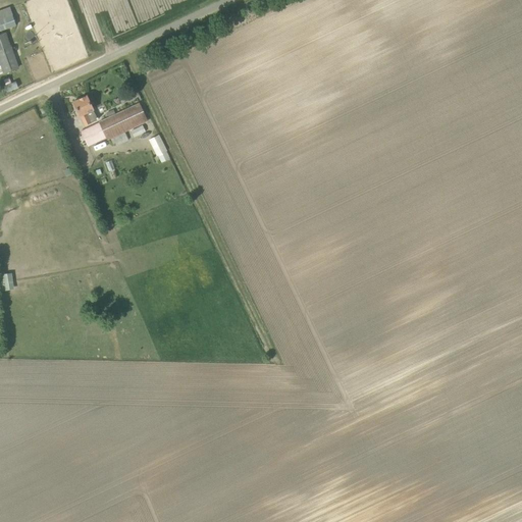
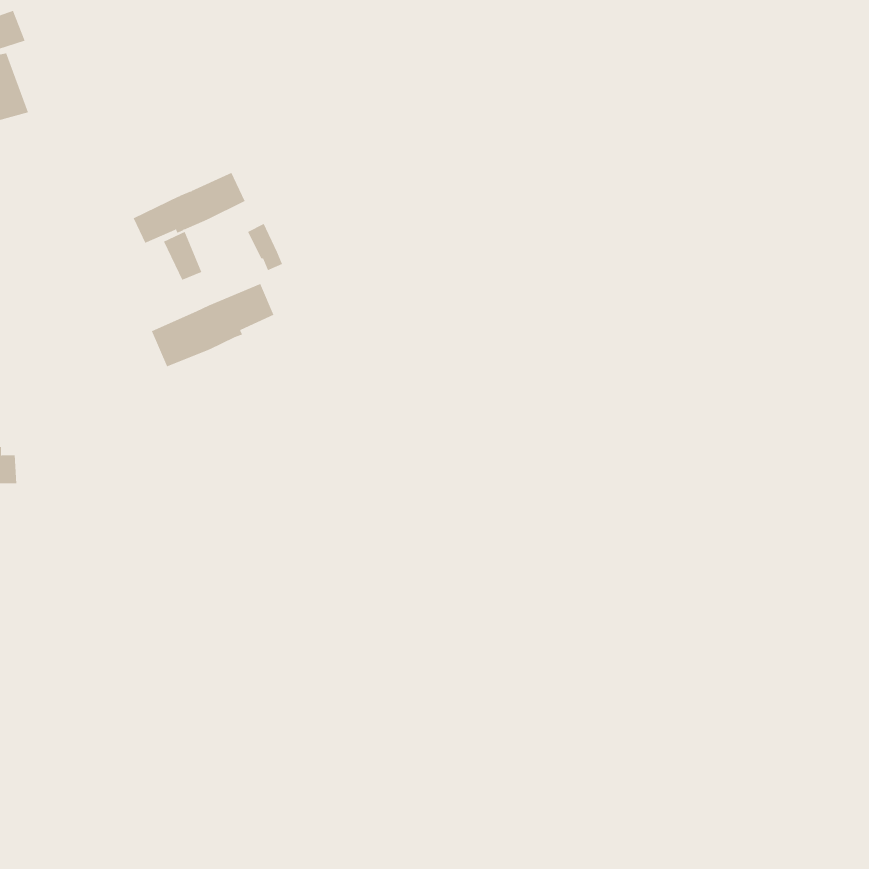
building: [72,95,96,124] -> [163,231,202,281]
building: none -> [151,283,274,367]

